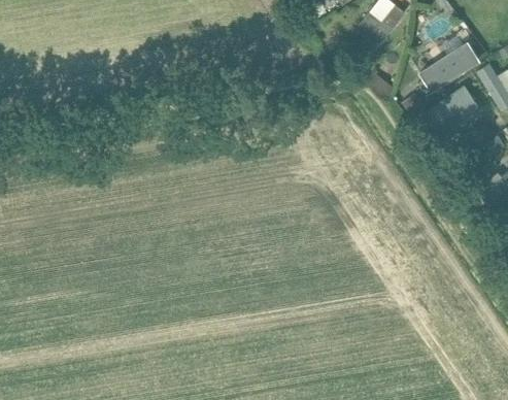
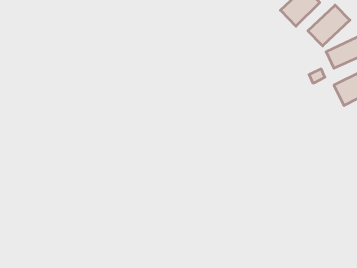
building: none -> [308,5,350,46]

